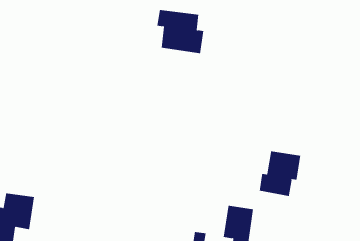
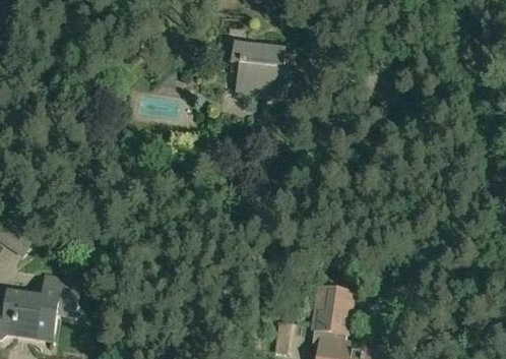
building: [259,151,301,197] -> none

